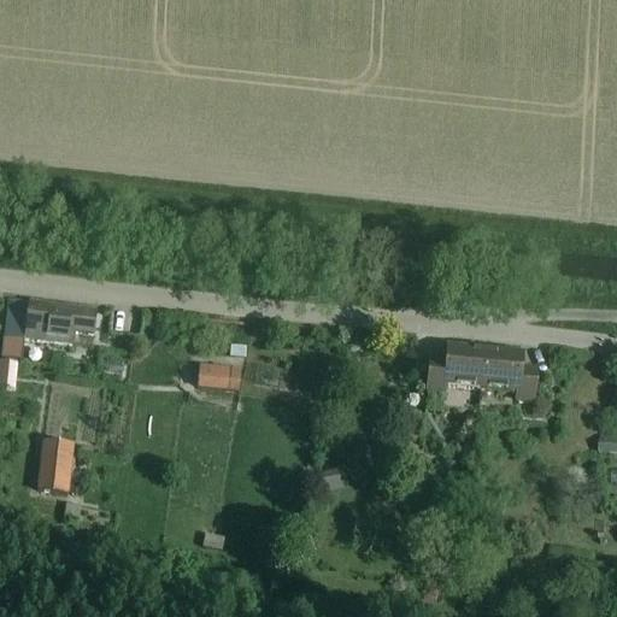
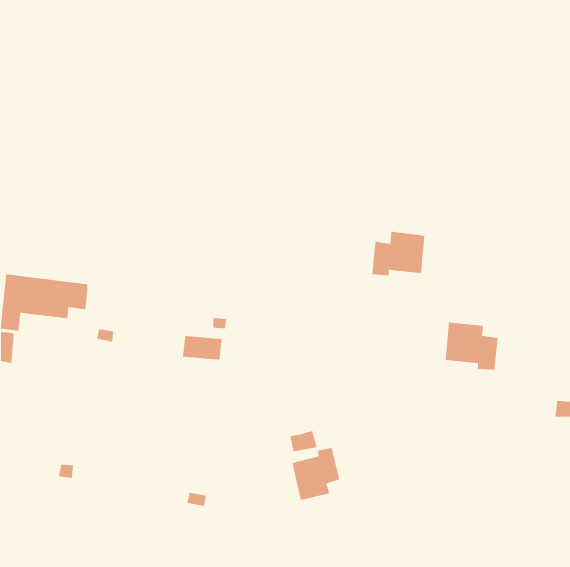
building: [427,342,484,390] -> [372,231,425,276]
building: [37,439,72,489] -> none
building: none -> [292,447,340,501]

